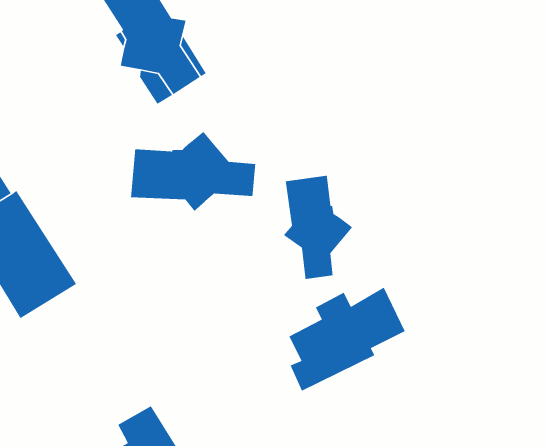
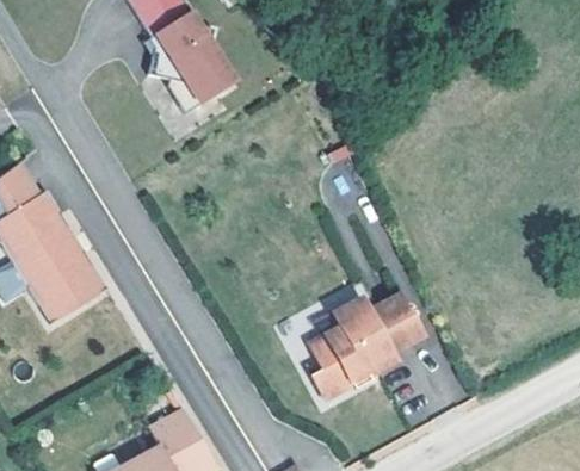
building: [130,131,256,212] -> none
building: [283,175,353,280] -> none

